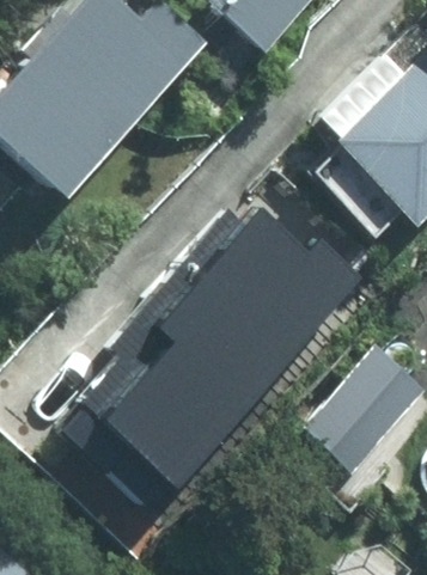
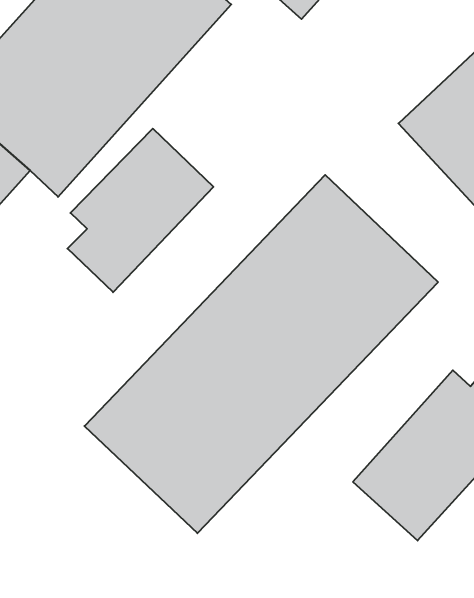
building: none -> [67,129,213,292]

